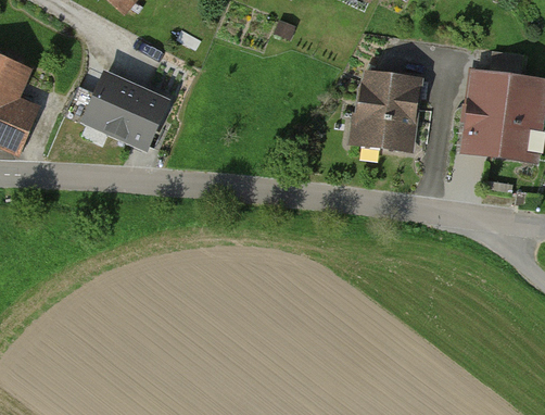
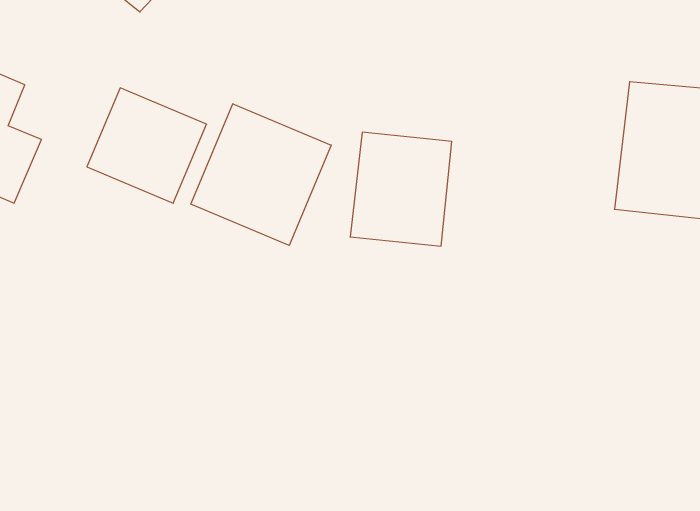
building: [350,72,422,153] -> [350,132,452,246]
building: none -> [191,104,331,245]

